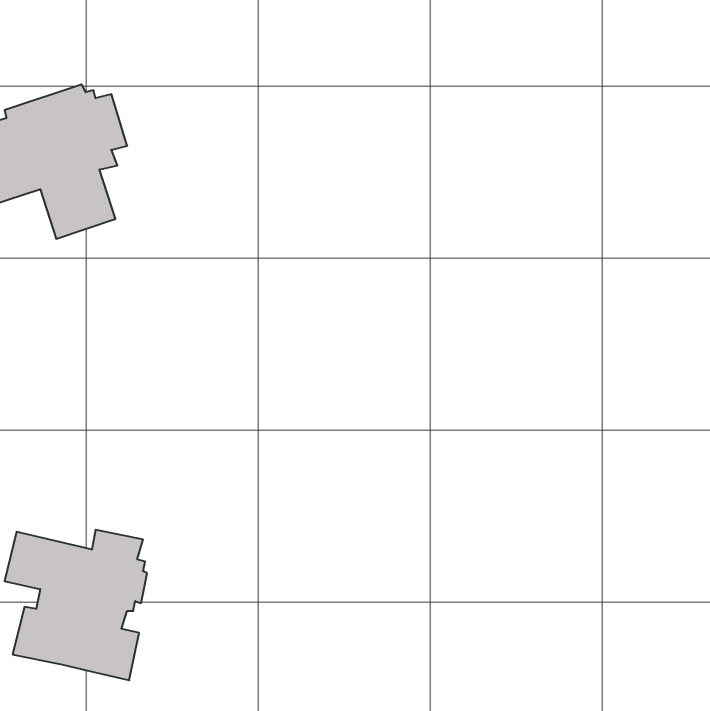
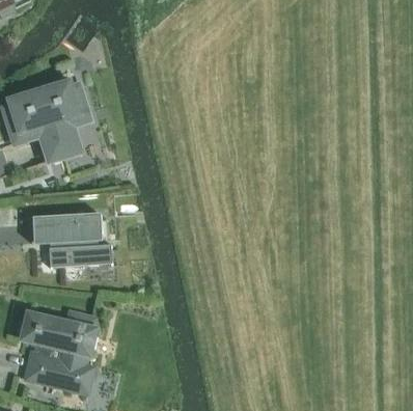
building: none -> [30,215,111,267]

